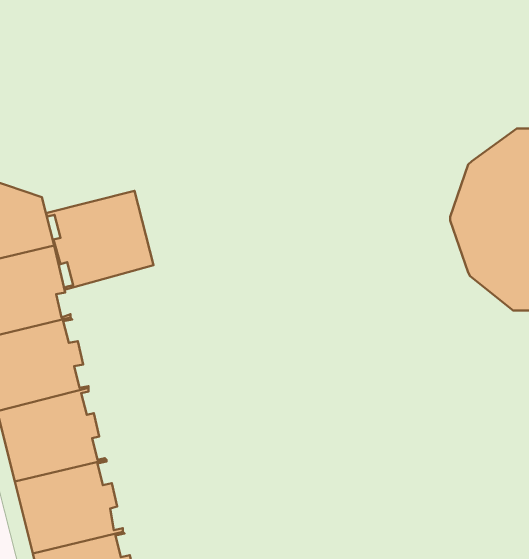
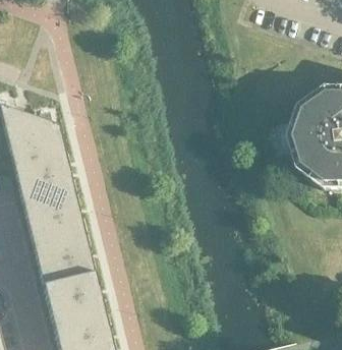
building: [46,191,153,290] -> none

